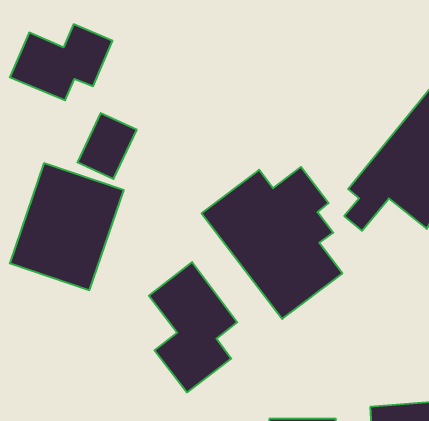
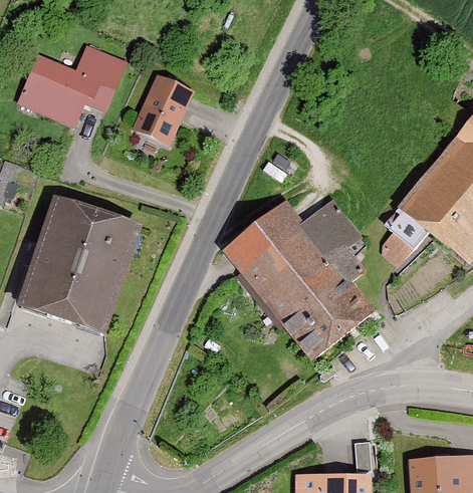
building: [77,113,137,179] -> [131,74,195,146]
building: [149,262,237,392] -> none

